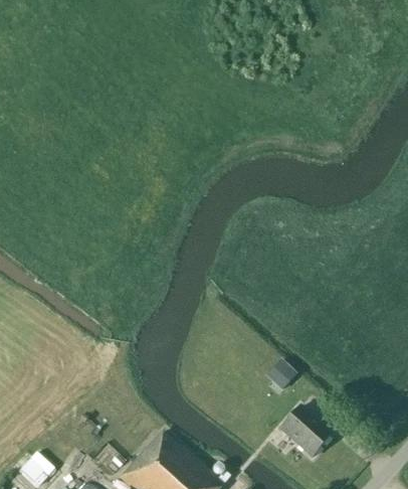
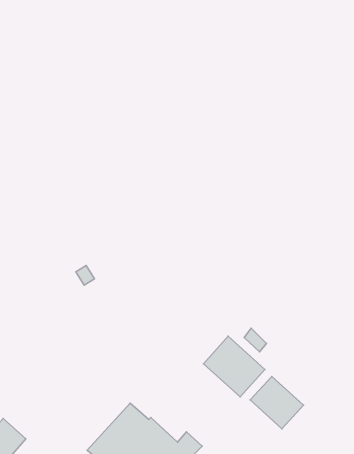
building: none -> [204,336,265,397]

